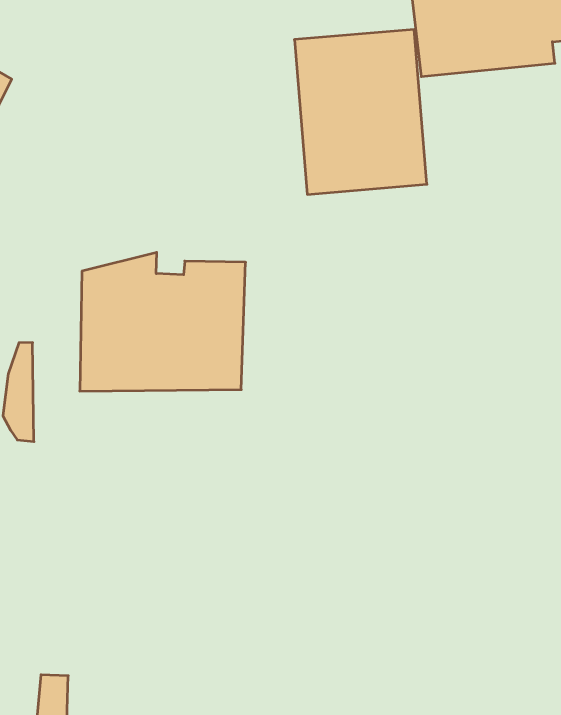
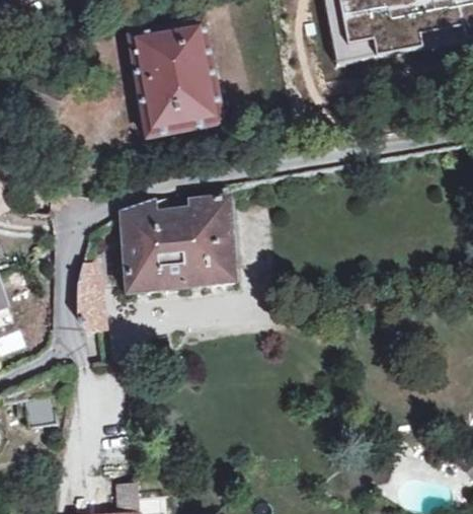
building: [294,30,427,194] -> [129,25,226,142]

